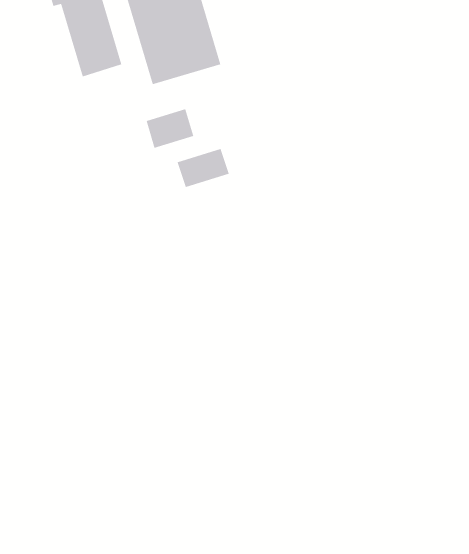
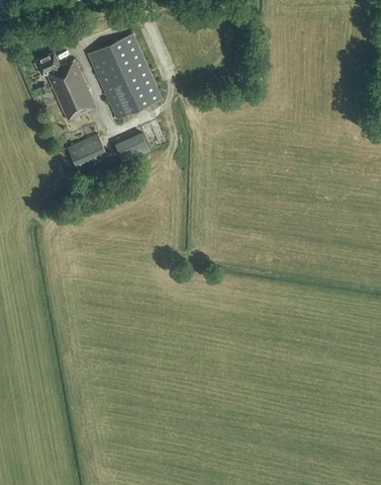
building: none -> [67,134,108,171]
building: [177,148,229,188] -> none

